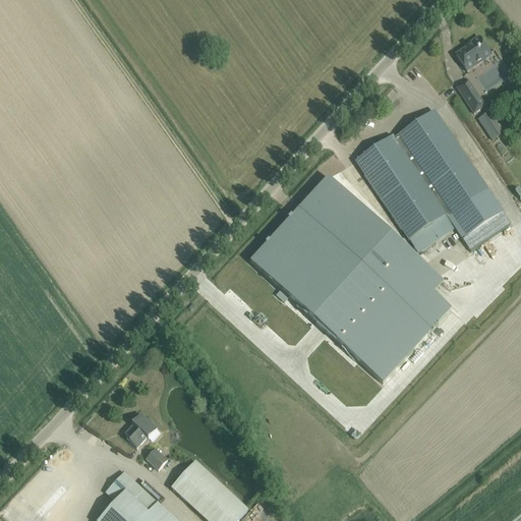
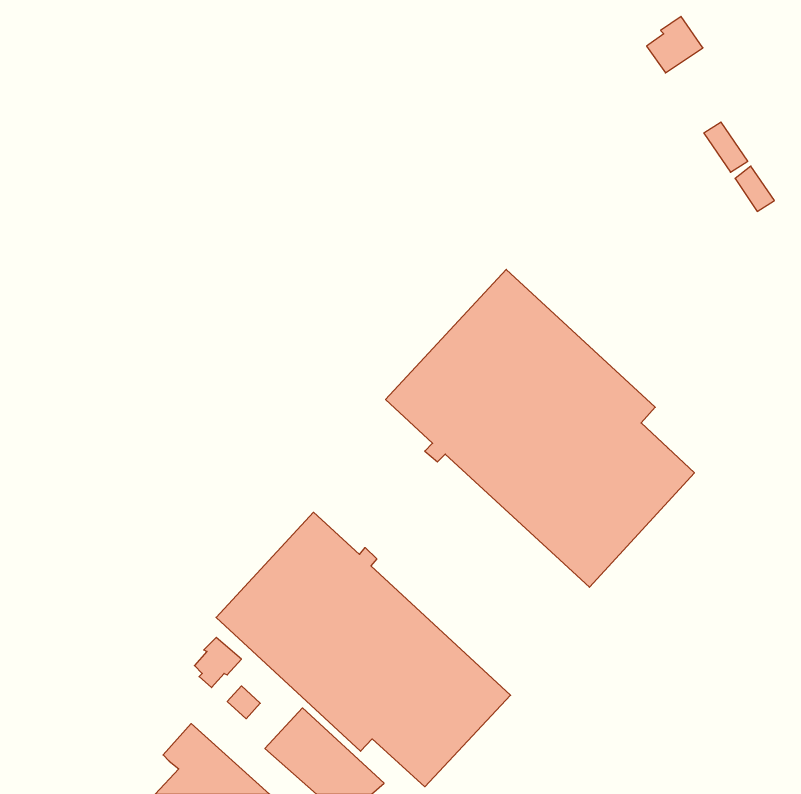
building: [456,34,493,70] -> [647,16,703,73]
building: [356,109,509,251] -> none
building: none -> [216,512,511,787]

